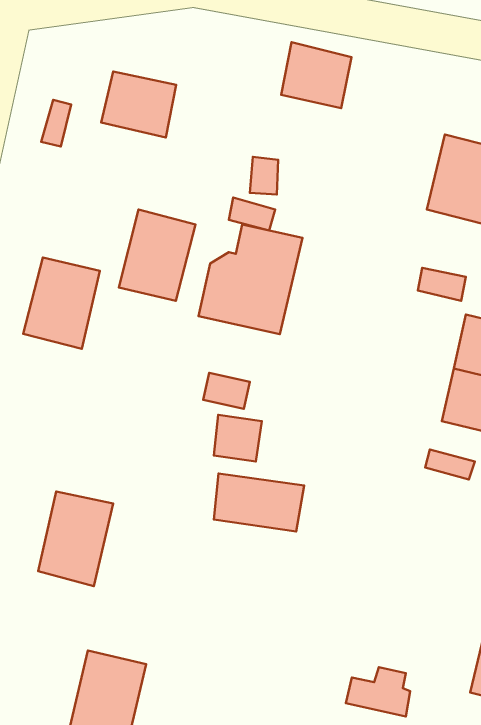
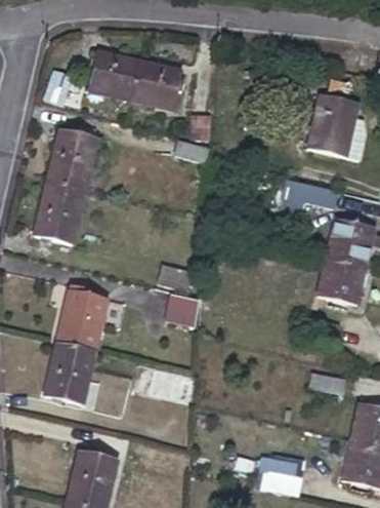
building: [281,42,352,108] -> [131,63,179,108]
building: [119,209,196,301] -> [47,127,99,190]
building: [199,224,303,334] -> none
building: none -> [56,287,107,349]
building: [214,474,304,532] -> none

